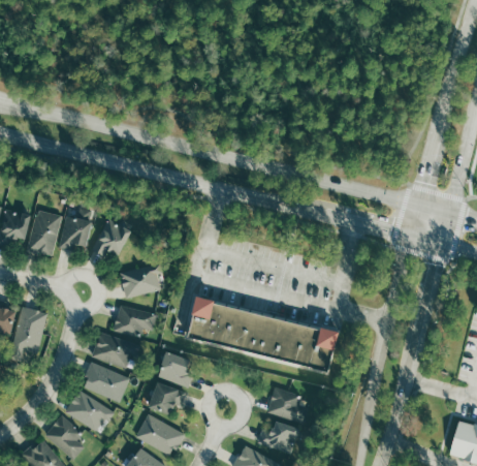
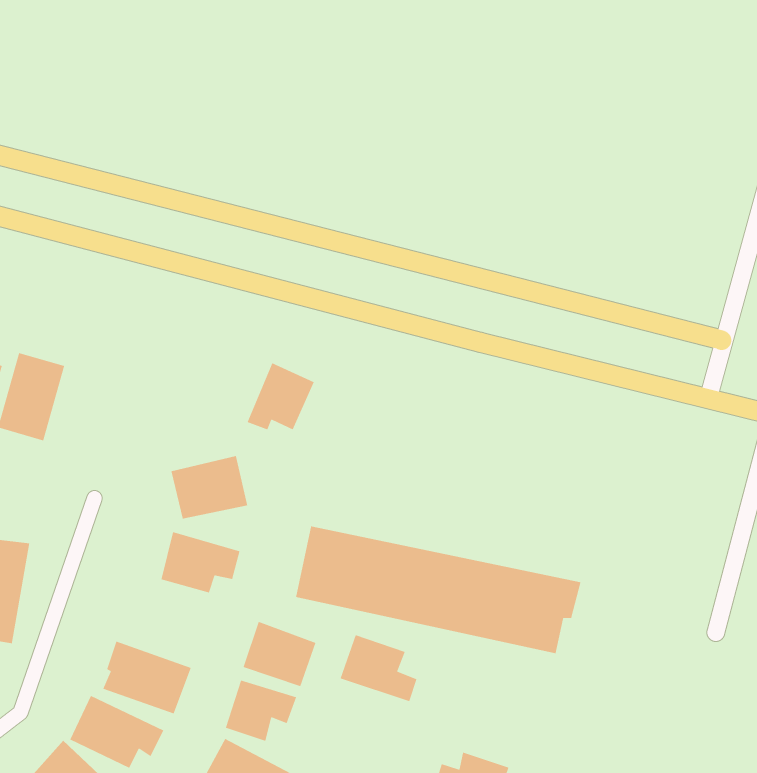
building: [59,207,93,250] -> none
building: [93,219,129,255] -> [247,362,315,430]
building: [92,332,140,369] -> none
building: [266,387,308,424] -> [340,634,418,702]

